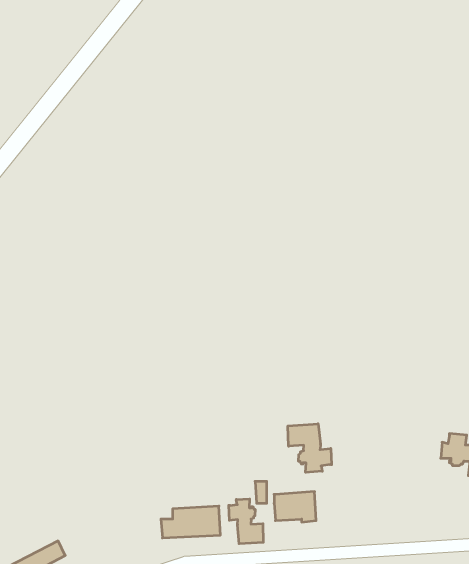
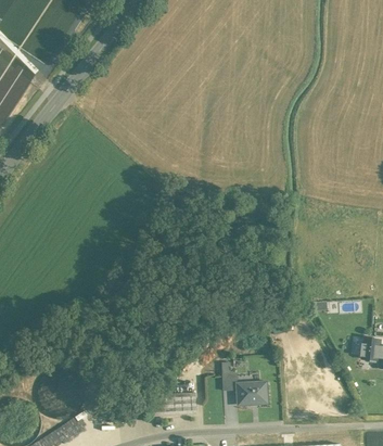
building: [288,424,332,472] -> none
building: [229,499,263,544] -> none

